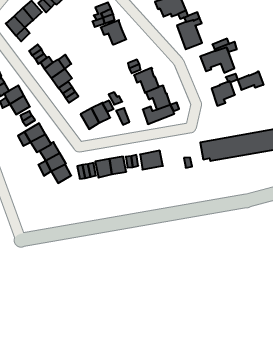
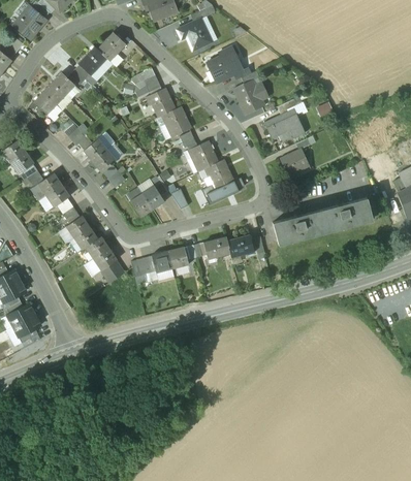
building: none -> [161,107,191,138]
building: [238,71,263,90] -> none
building: none -> [226,235,254,258]

